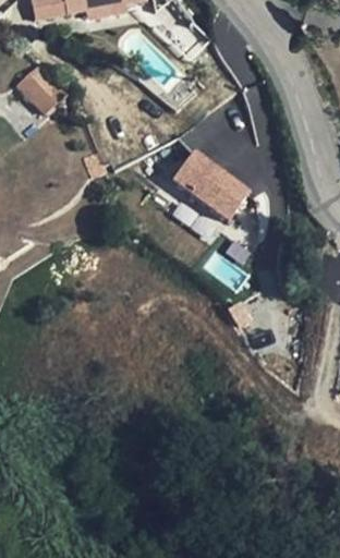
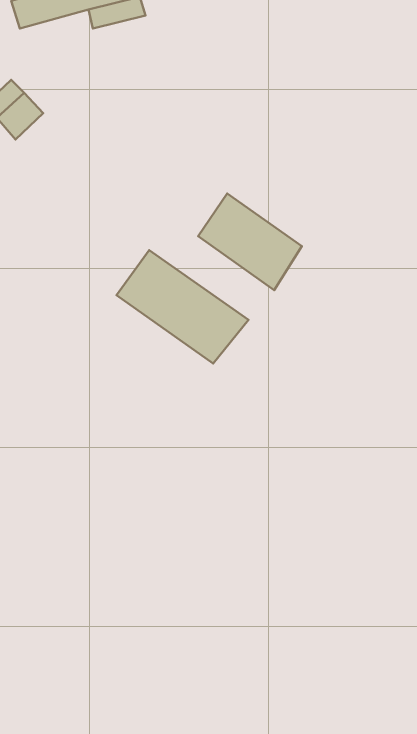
building: none -> [116,250,248,364]

